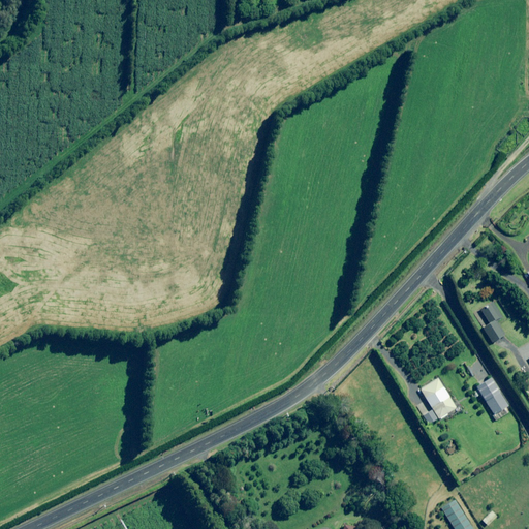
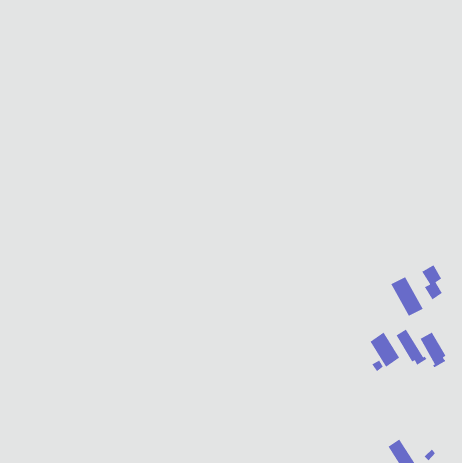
building: none -> [390,276,424,317]
building: none -> [395,328,427,366]

